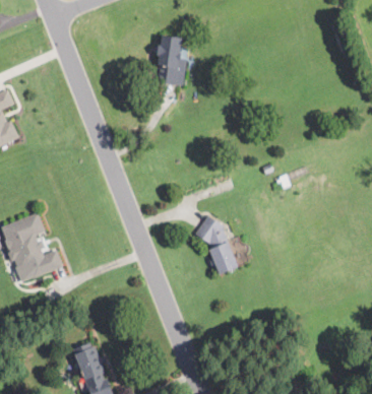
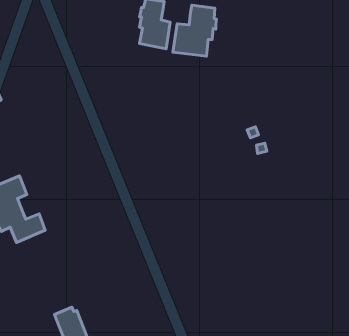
building: none -> [173,5,217,56]
building: [196,216,238,276] -> none

